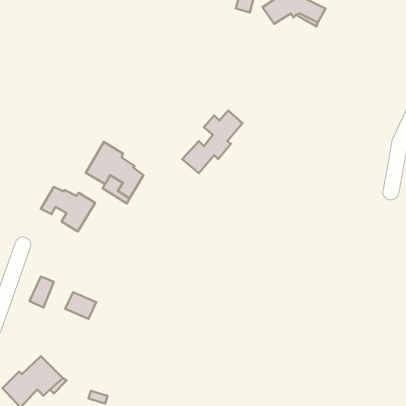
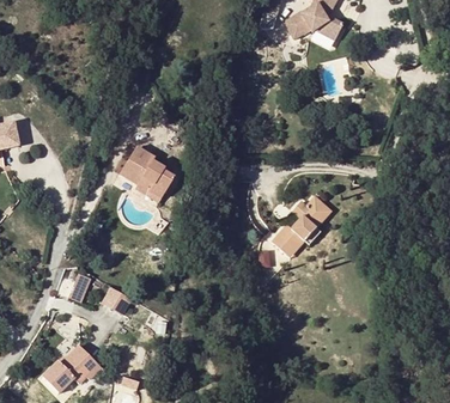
building: [182,110,242,173] -> [275,196,332,255]
building: [41,187,95,231] -> none

